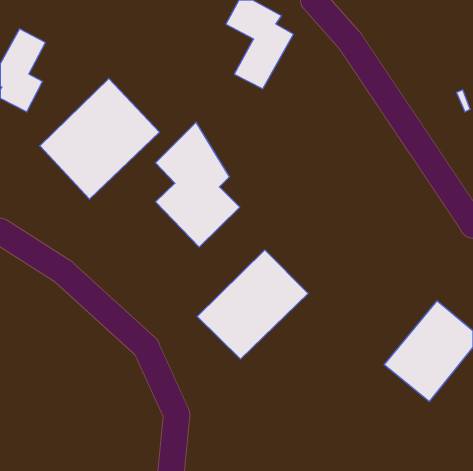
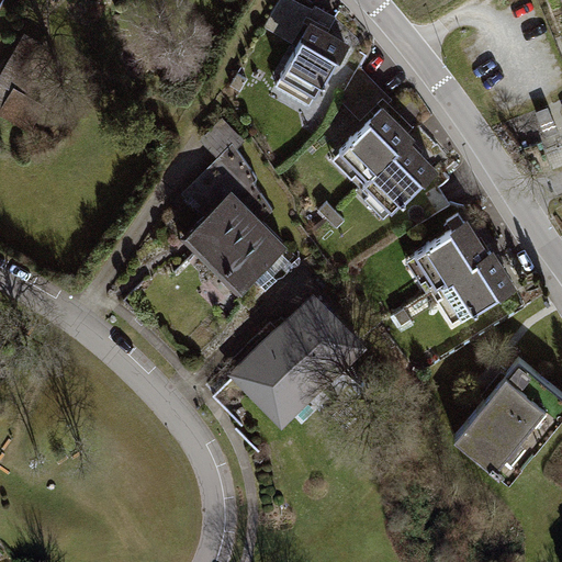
building: [40,78,160,199] -> none
building: none -> [323,104,439,232]
building: none -> [400,221,516,330]

